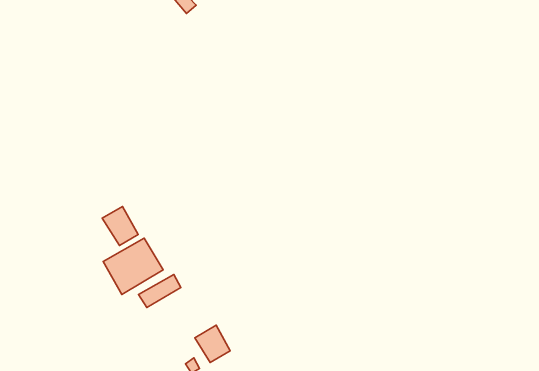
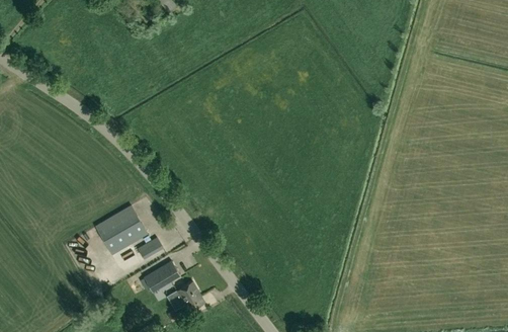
building: [102,207,138,246] -> none
building: none -> [144,261,180,294]

